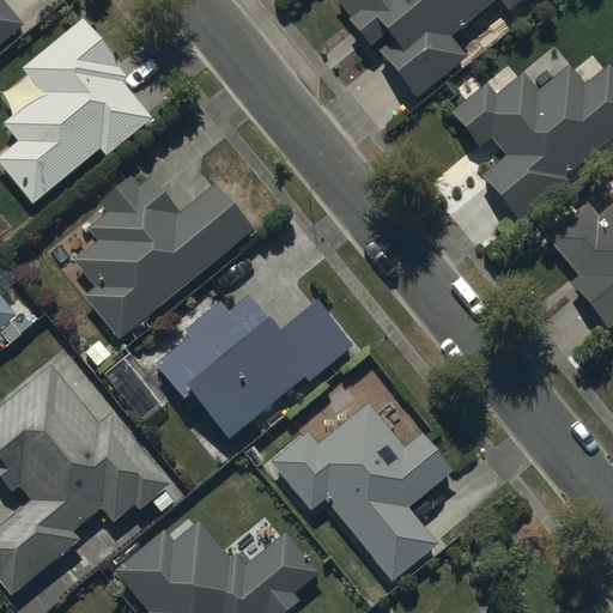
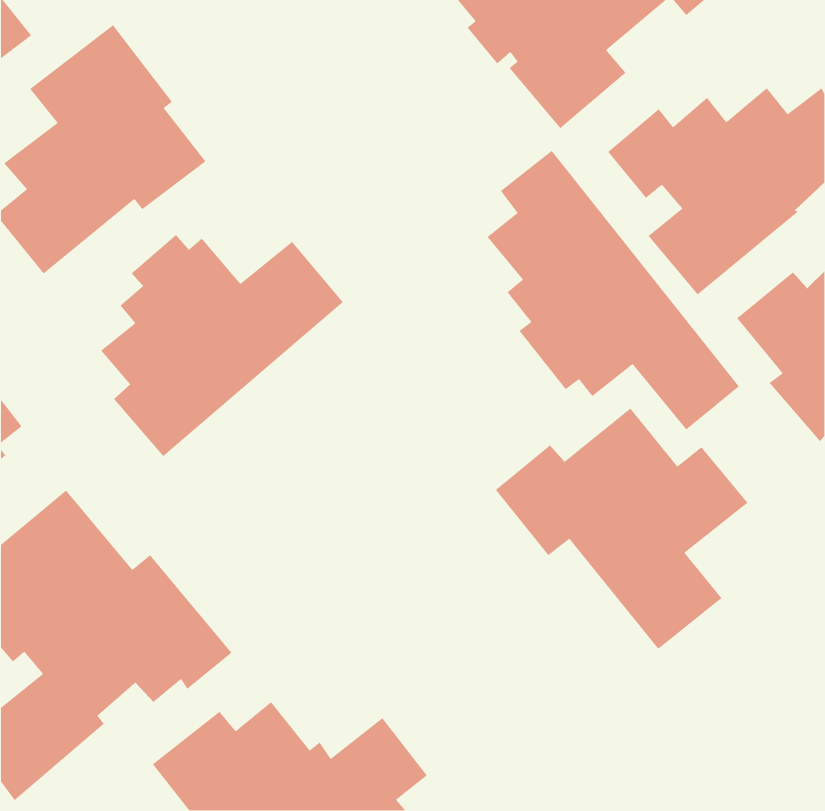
building: none -> [486,150,740,430]
building: [154,293,354,443] -> none
building: [268,400,456,579] -> [495,407,748,650]

